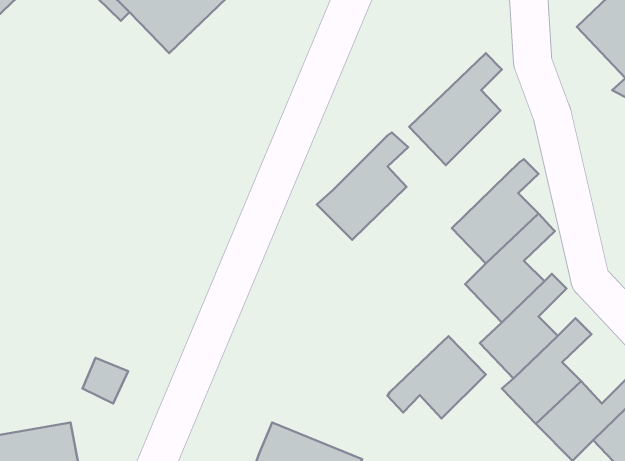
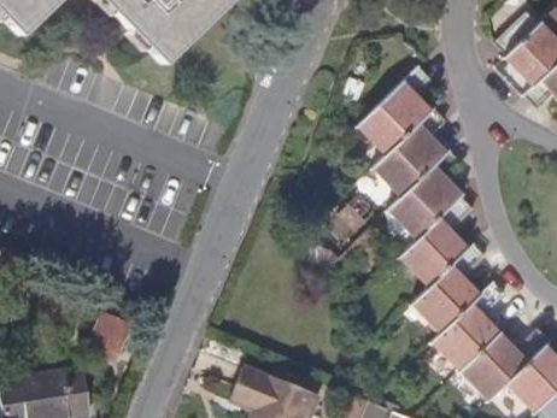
building: [317,133,408,240] -> [376,111,451,199]
building: [387,336,486,418] -> none

